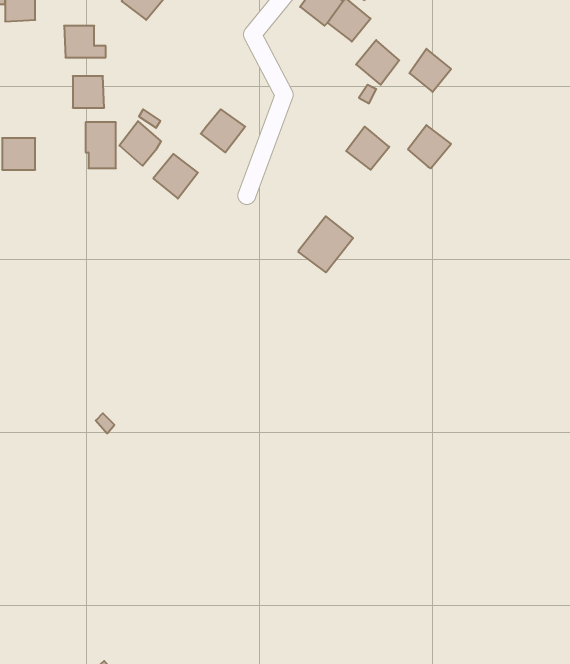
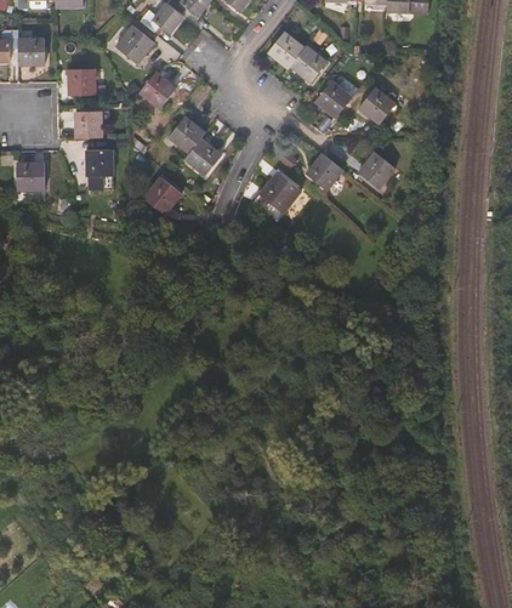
building: none -> [138,72,175,108]
building: [119,121,161,166] -> [169,115,204,153]
building: [298,216,353,272] -> [254,172,300,220]

